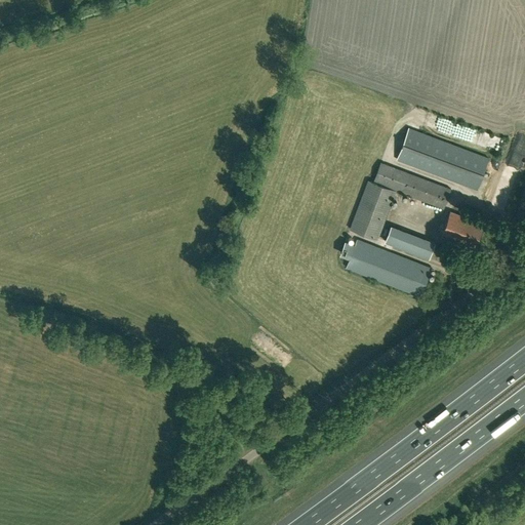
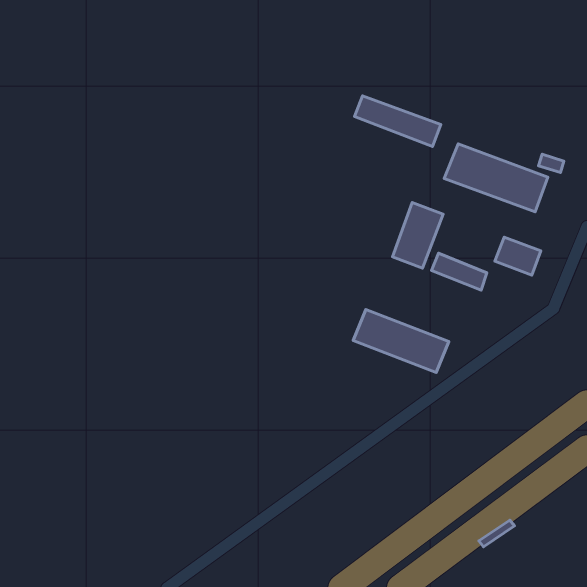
building: [373,164,450,209] -> [354,96,441,146]
building: [346,240,431,296] -> [353,309,449,373]

